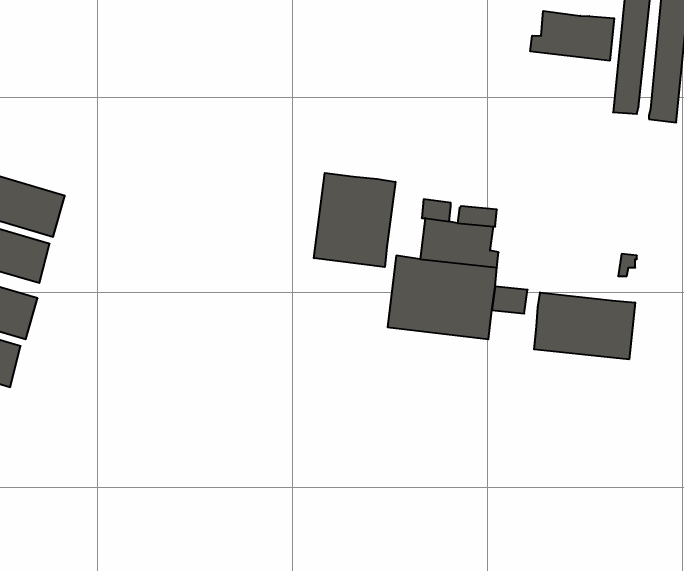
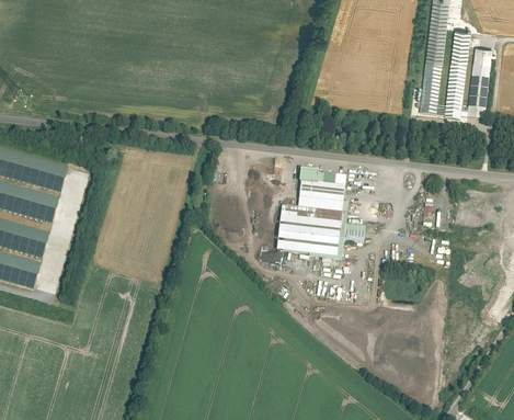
building: [530,11,614,61] -> none
building: [314,173,395,267] -> none
building: [534,292,635,359] -> none

